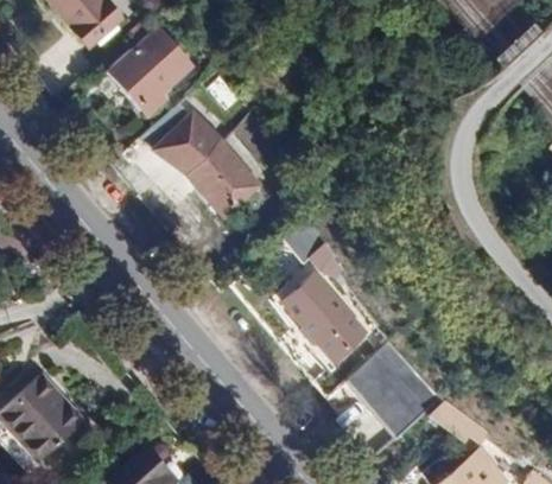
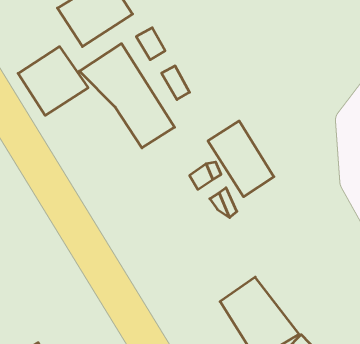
building: none -> [18,47,88,115]
building: [284,274,366,359] -> [208,121,274,197]

